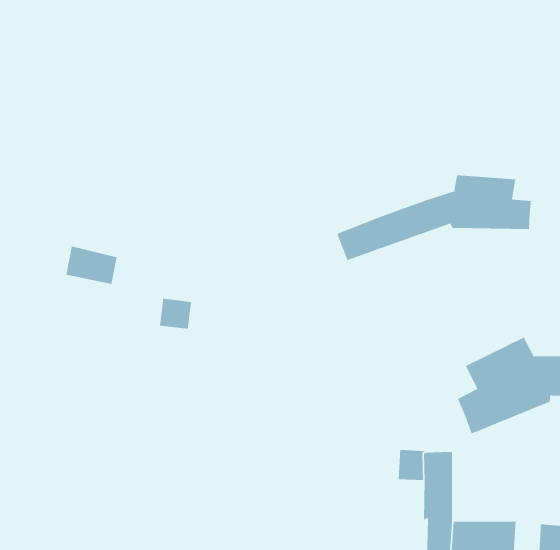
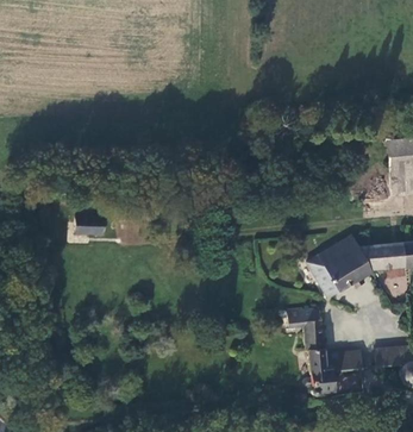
building: [336,175,532,261] -> none

